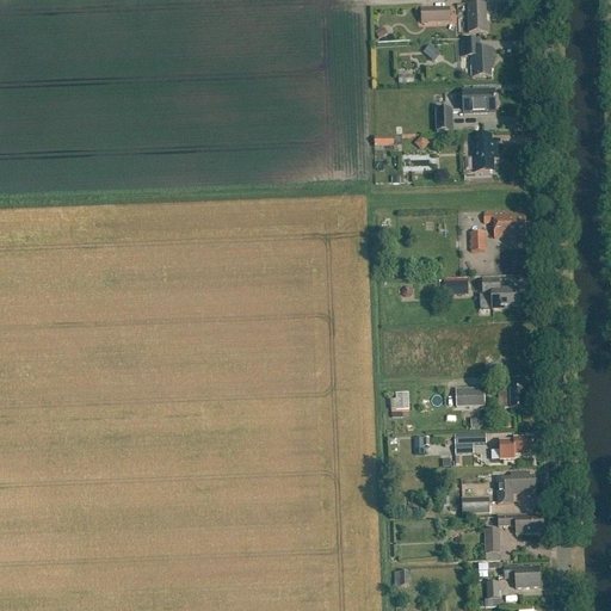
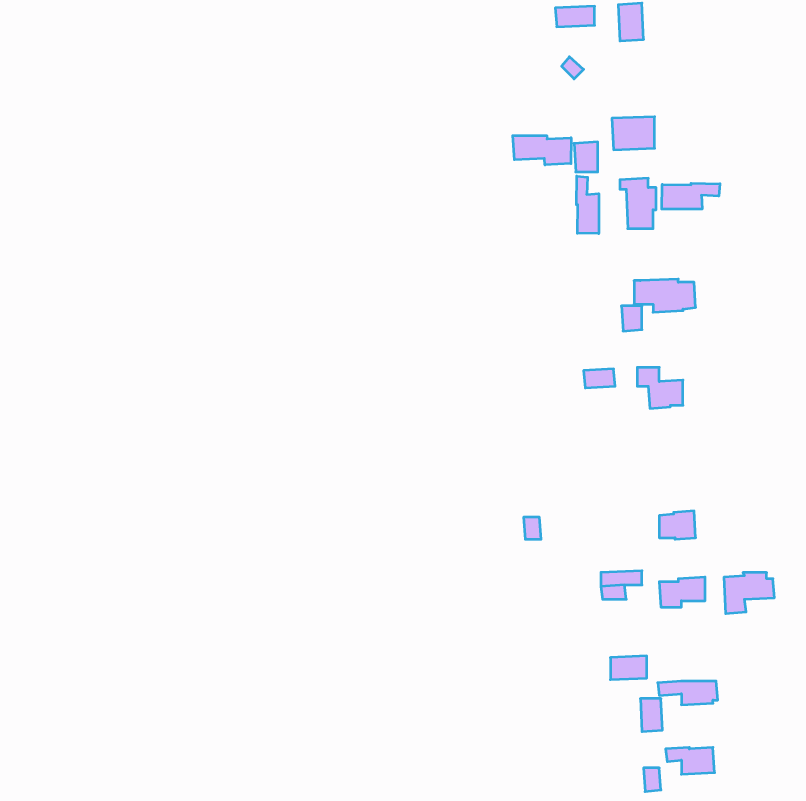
building: [464,38,493,76] -> none
building: none -> [513,136,571,165]
building: none -> [576,176,599,234]
building: none -> [662,183,720,209]
building: [456,387,485,406] -> none
building: [496,473,535,504] -> [724,573,774,614]

